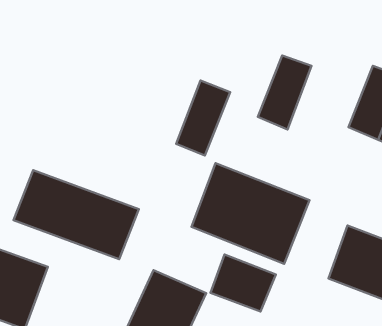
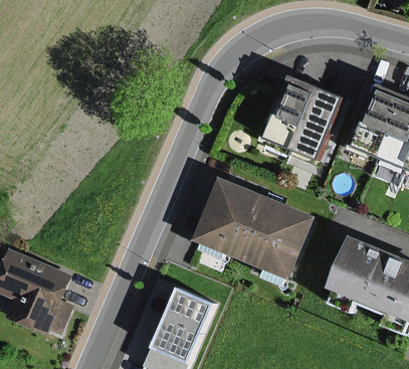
building: [176,80,230,155] -> [293,88,345,160]
building: [14,170,139,259] -> none
building: [211,254,276,312] -> none

